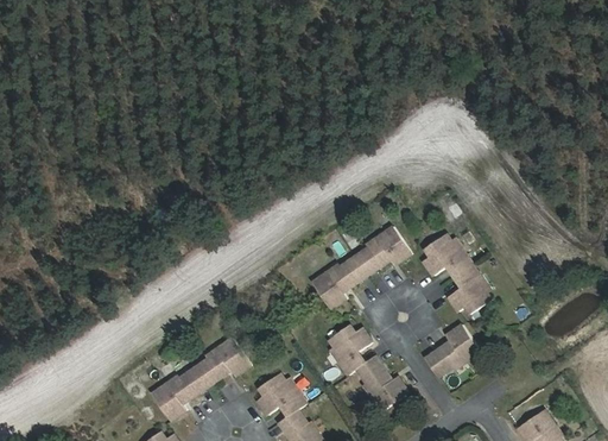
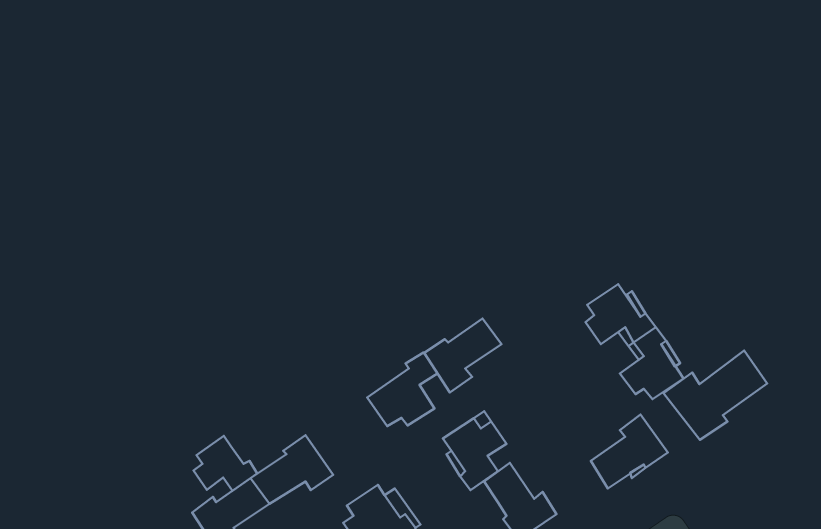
building: [353,227,408,275] -> none
building: none -> [664,350,767,440]
building: none -> [367,352,438,426]
building: none -> [193,436,257,491]

